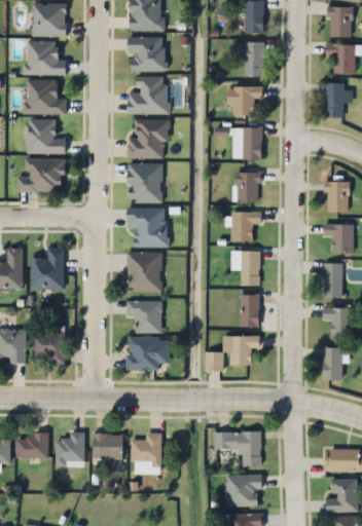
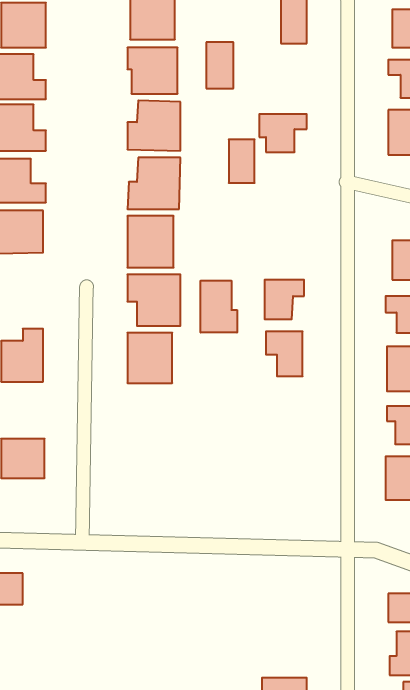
building: [244,42,264,77] -> [206,42,233,88]
building: [243,127,262,160] -> [229,139,255,183]
building: [236,173,259,201] -> none
building: none -> [201,281,237,333]
building: [241,293,259,326] -> none
building: [128,300,161,332] -> none
building: [206,335,259,370] -> none
building: [128,336,169,369] -> none
building: [55,431,84,462] -> none
building: [132,431,161,461] -> none
building: [215,431,261,464] -> none
building: [94,433,122,457] -> none
building: [227,474,260,505] -> none

